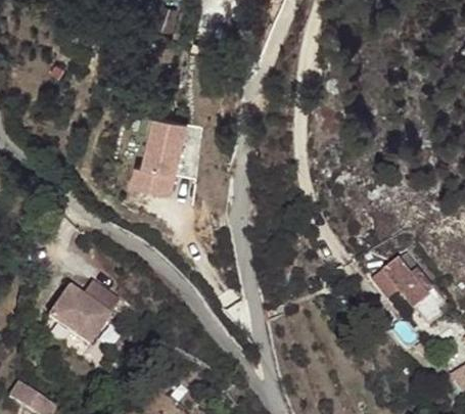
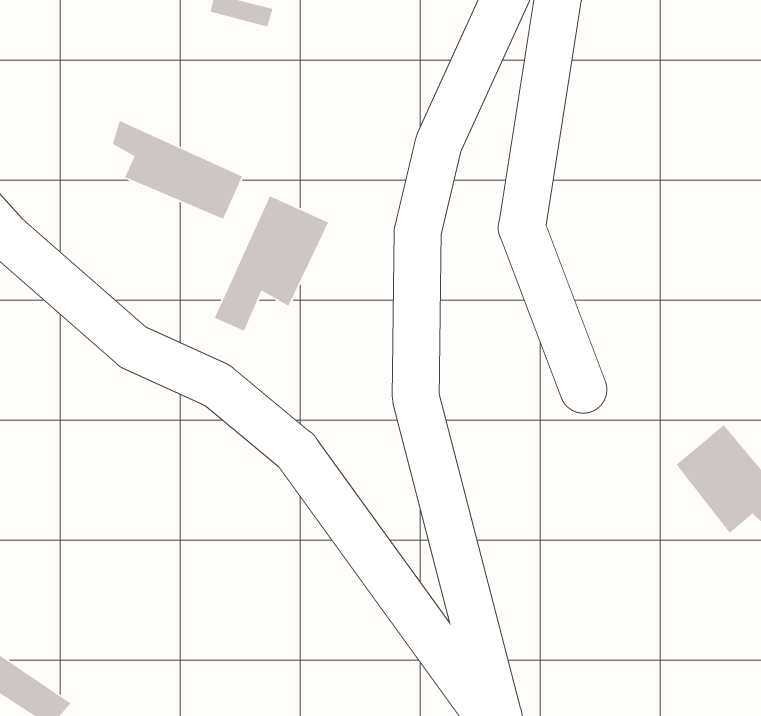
building: none -> [112,120,243,220]
building: [48,277,119,340] -> none

